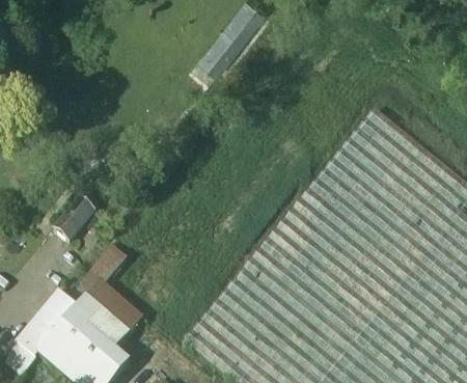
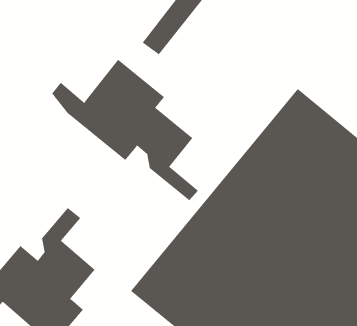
building: none -> [51,59,199,201]
building: [52,194,95,241] -> none

